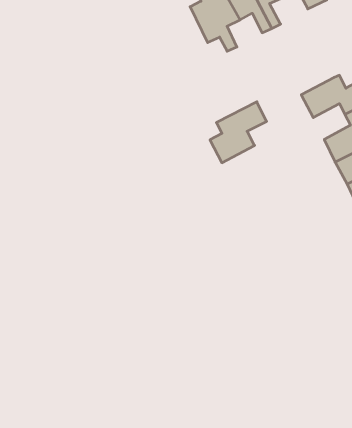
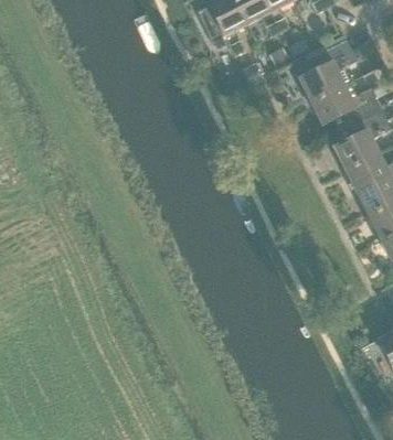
building: [210,102,267,163] -> [299,39,357,100]

